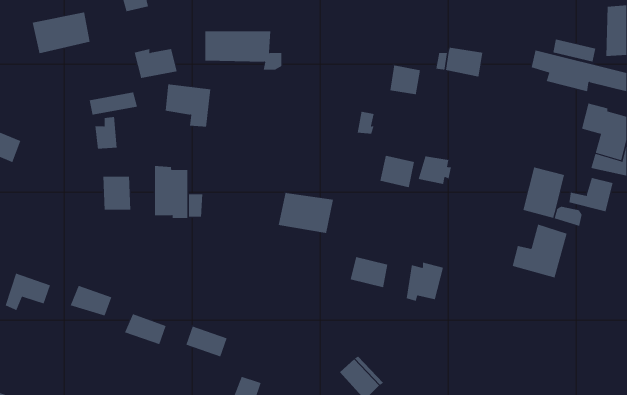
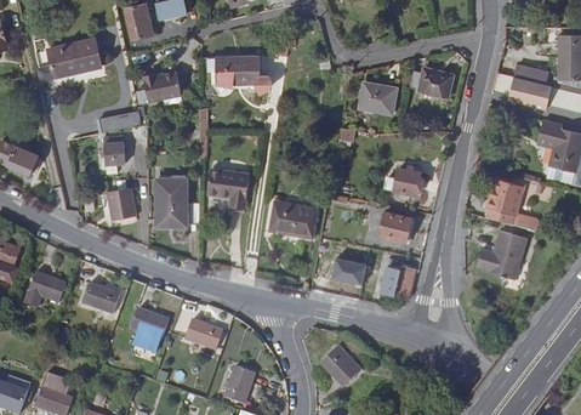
building: [165,84,211,127] -> [207,169,249,208]
building: [380,155,415,188] -> [378,214,410,243]
building: [569,177,613,212] -> none

